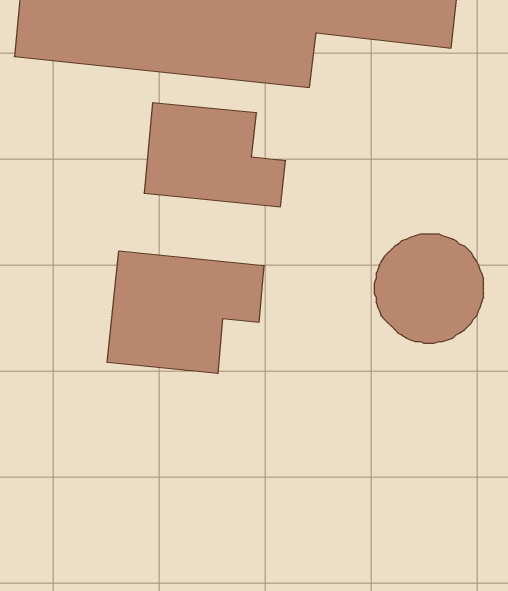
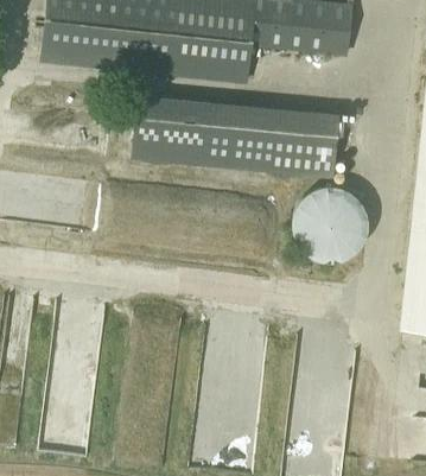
building: none -> [206,101,337,177]
building: [107,251,264,374] -> none

